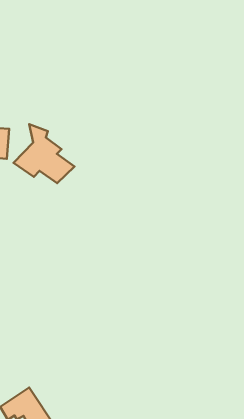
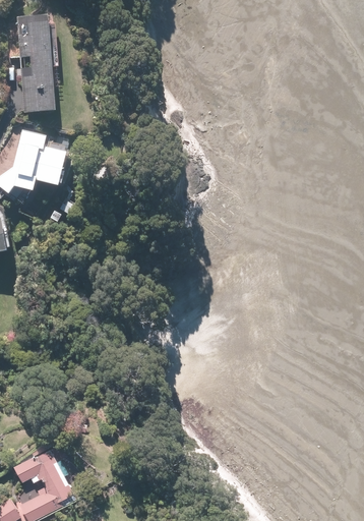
building: [14,124,75,183] -> none

